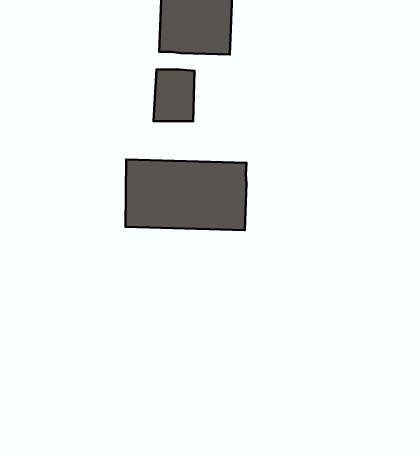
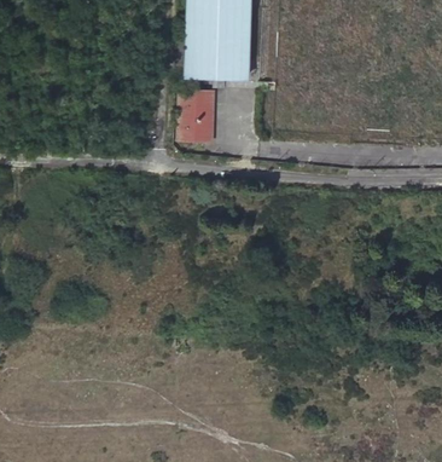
building: [126,159,247,230] -> none

